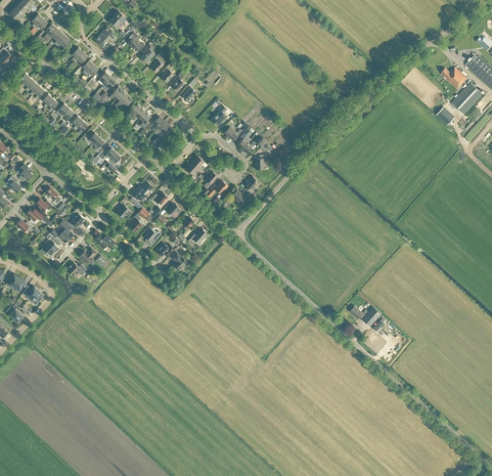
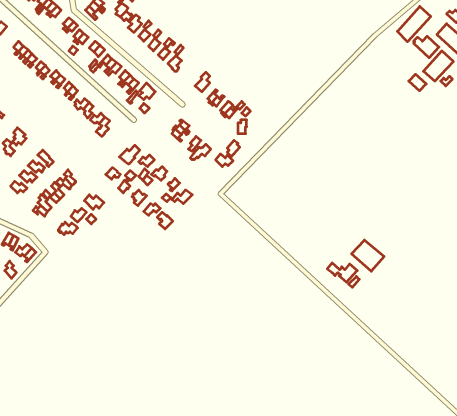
building: none -> [397,6,431,42]
building: none -> [352,240,384,271]

